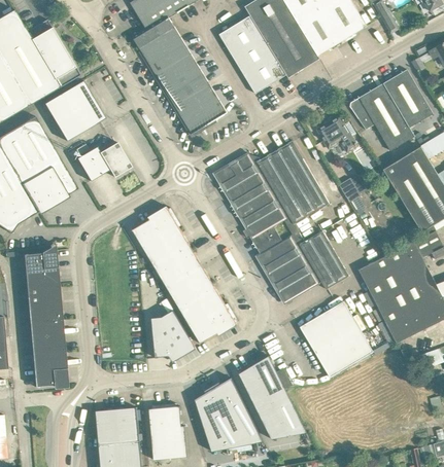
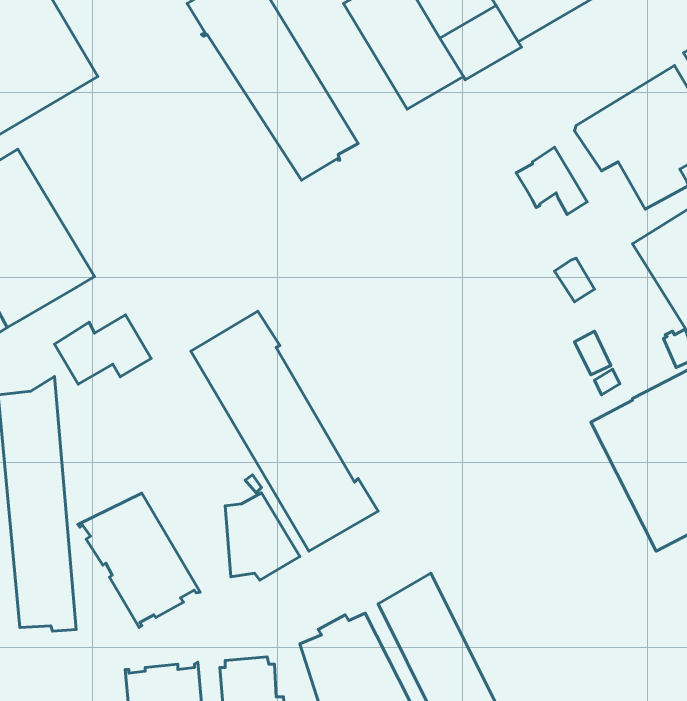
building: [43,80,105,141] -> none
building: [218,141,348,301] -> none
building: [76,142,131,181] -> [55,315,151,384]
building: [300,301,373,378] -> none
building: none -> [78,493,200,627]

